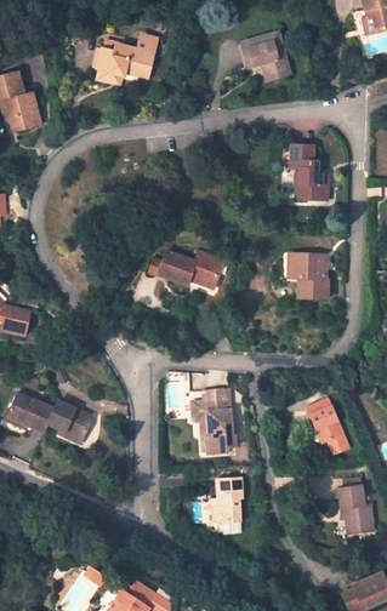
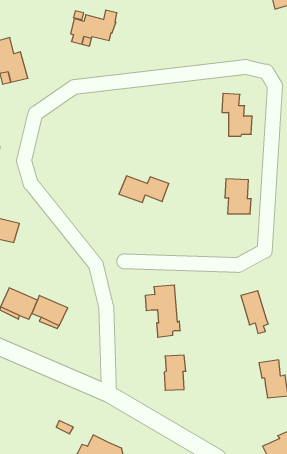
building: [240,33,290,80] -> none

